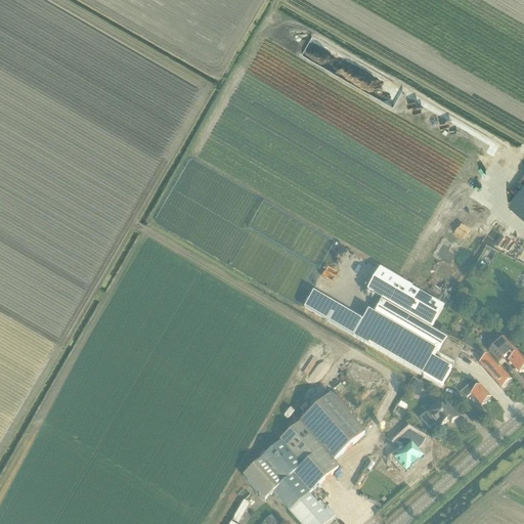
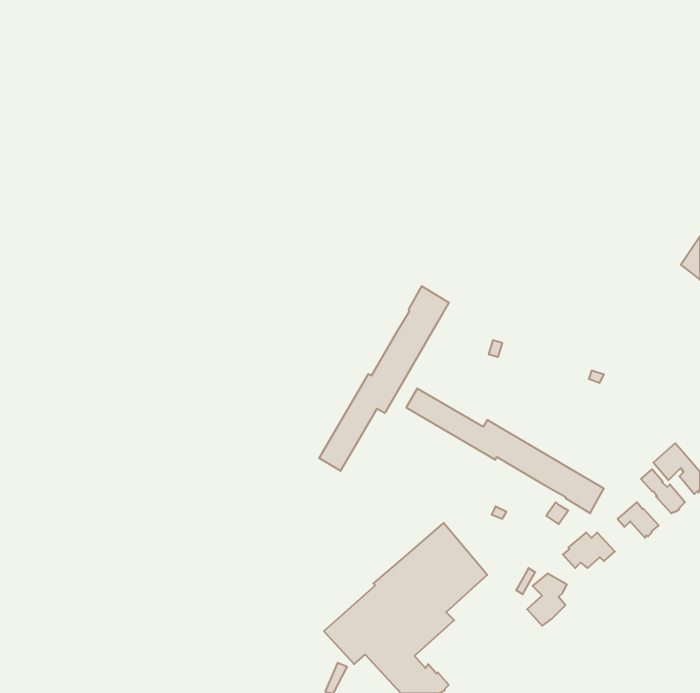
building: none -> [319,286,449,471]
building: [365,263,463,358] -> none

